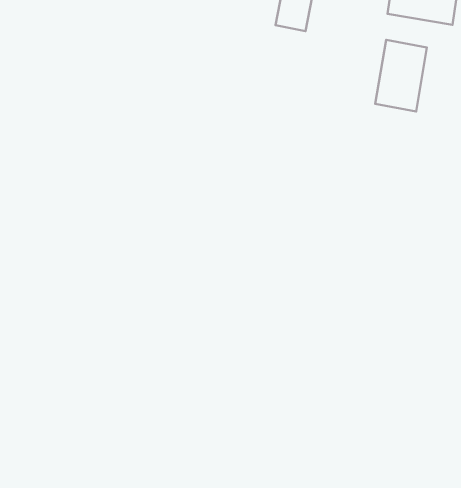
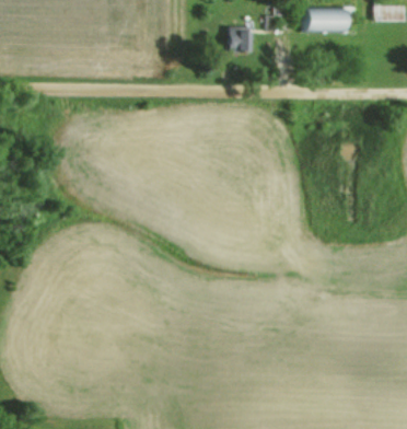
building: [375,40,427,112] -> none

